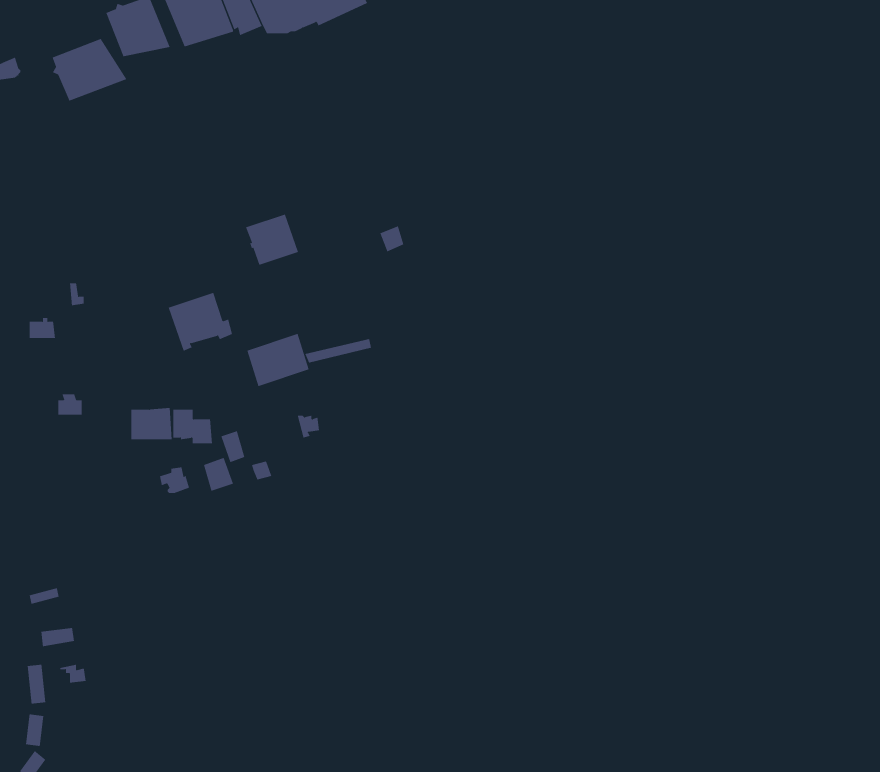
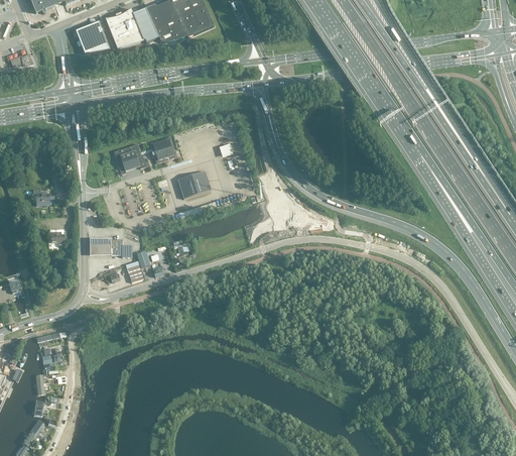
building: [52,38,127,102] -> none
building: [168,292,233,351] -> [114,142,148,174]
building: [246,333,310,387] -> [178,169,212,198]

